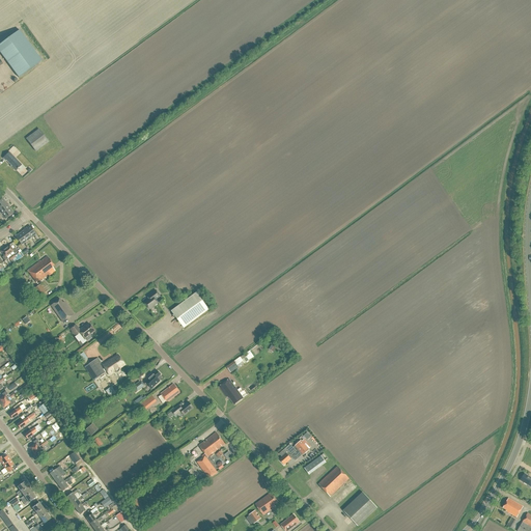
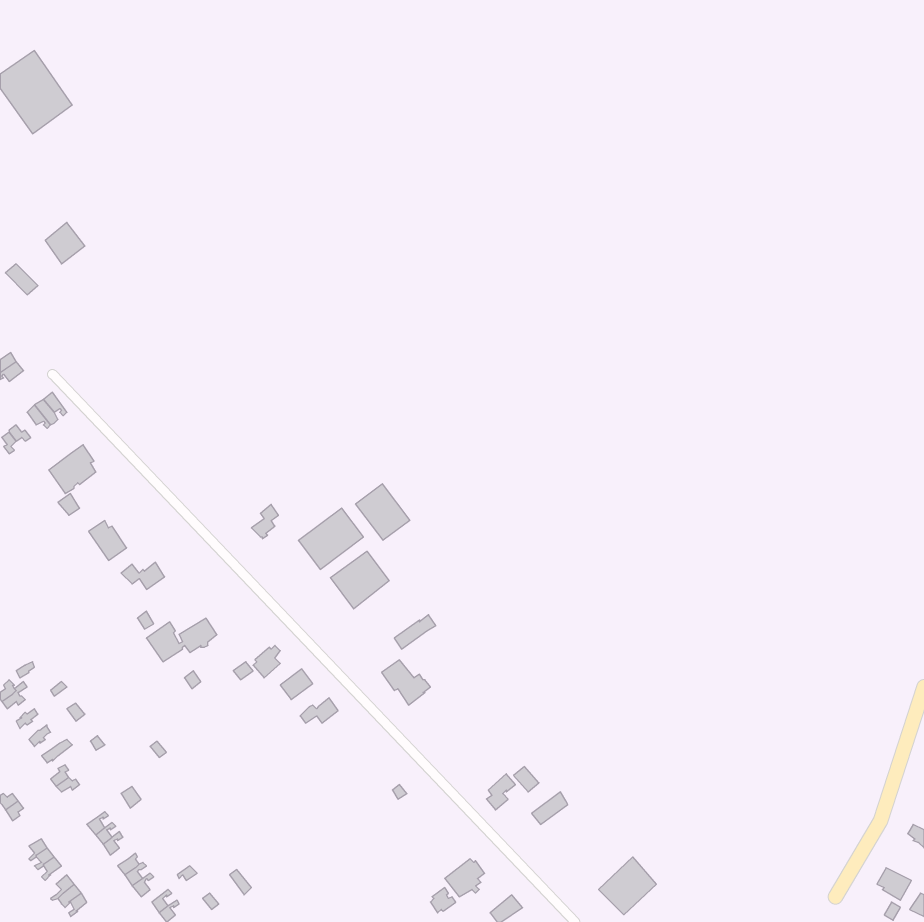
building: none -> [356,484,410,540]
building: none -> [330,551,389,609]
building: [197,431,225,478] -> none
building: [318,466,350,496] -> none

